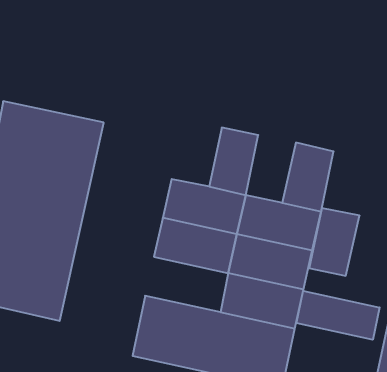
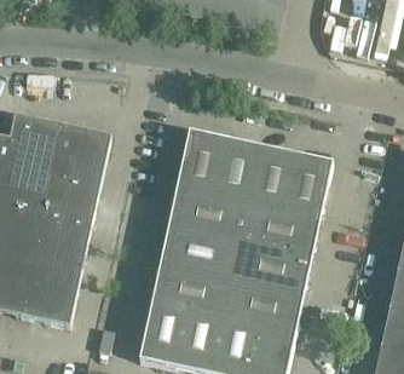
building: none -> [177,128,225,194]
building: [309,208,360,276] -> [248,144,296,209]
building: none -> [151,261,231,315]
building: [296,291,380,340] -> none

